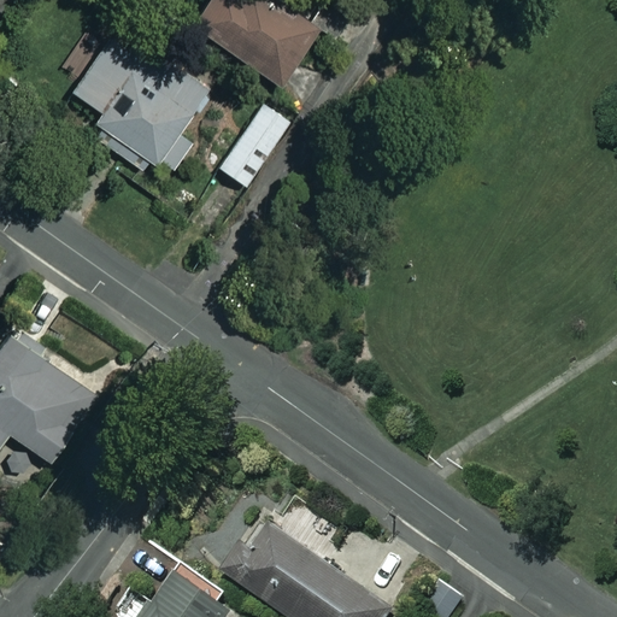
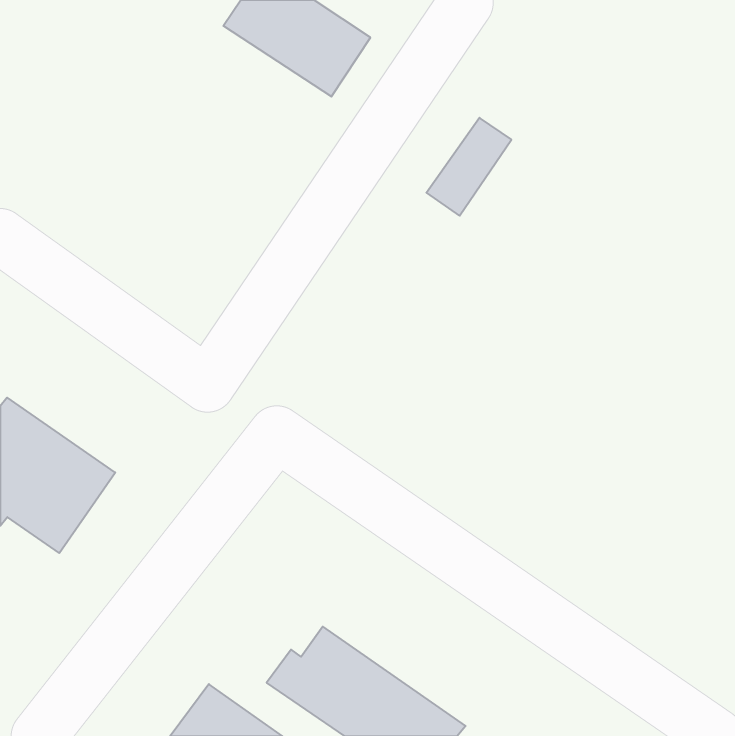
building: [70,24,207,184] -> none
building: [218,104,289,186] -> [426,118,511,216]

